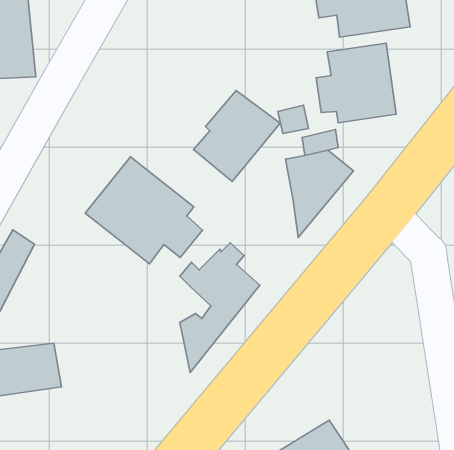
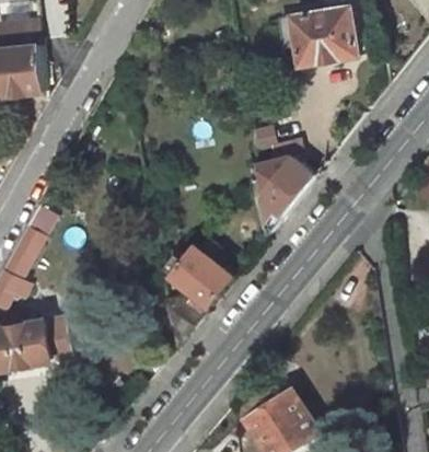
building: [316,43,396,123] -> none
building: [193,91,280,181] -> none
building: [85,157,203,264] -> none

